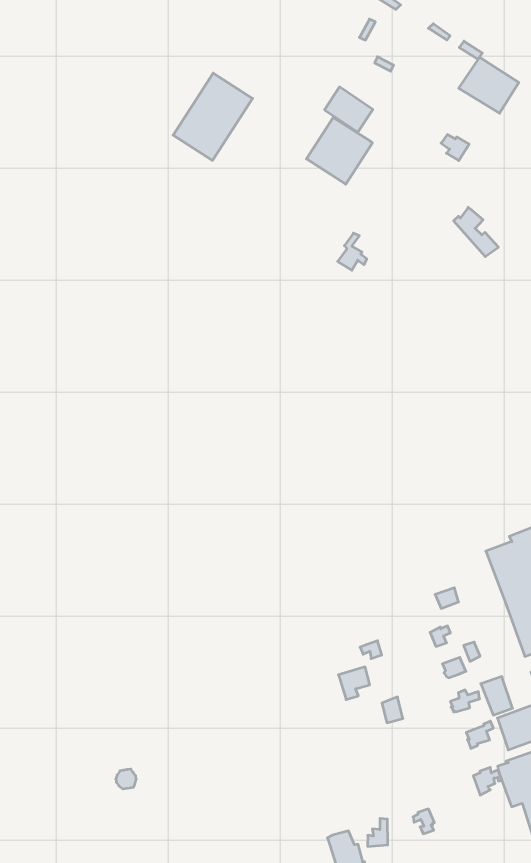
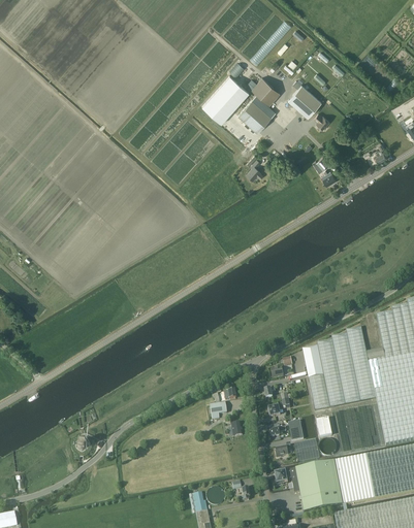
building: [459,57,519,113] -> [287,86,321,119]
building: [173,73,253,160] -> [201,75,249,124]

